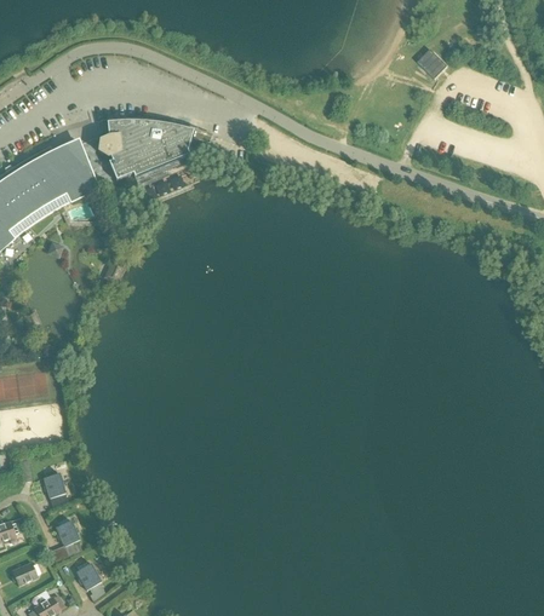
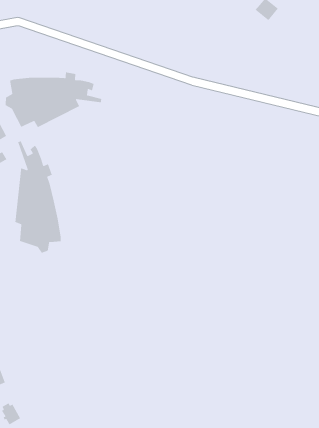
building: none -> [14,140,61,254]

